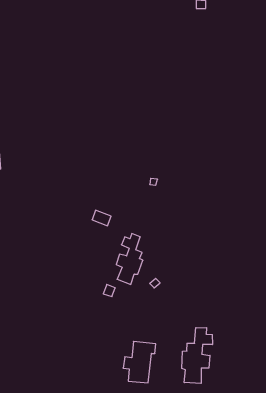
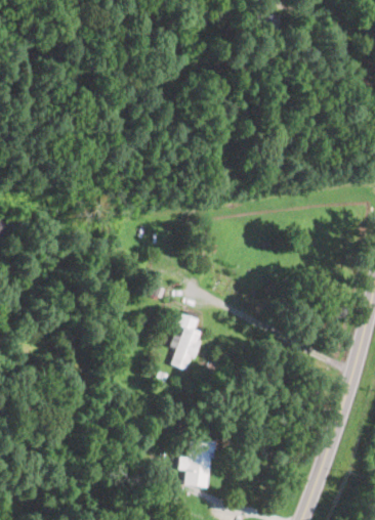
building: [182,328,212,383] -> none

